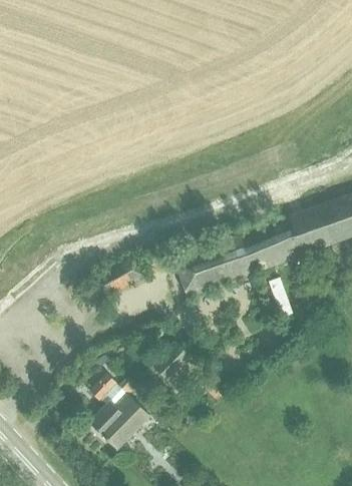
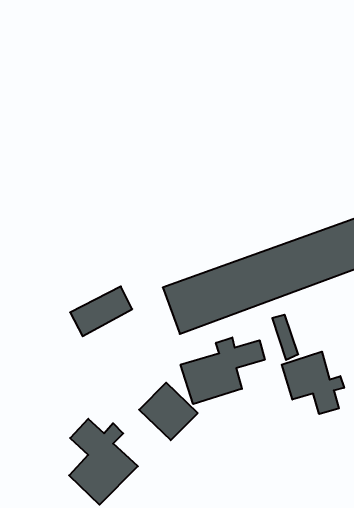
building: none -> [181,337,265,404]
building: none -> [282,352,344,414]

